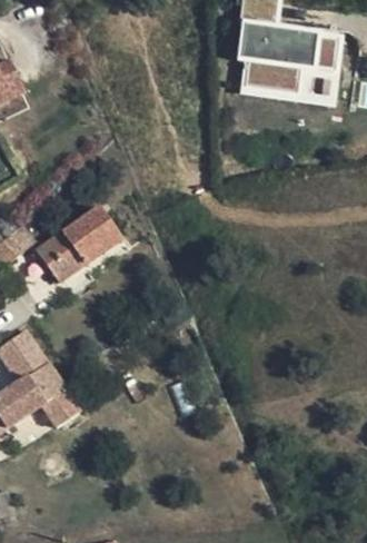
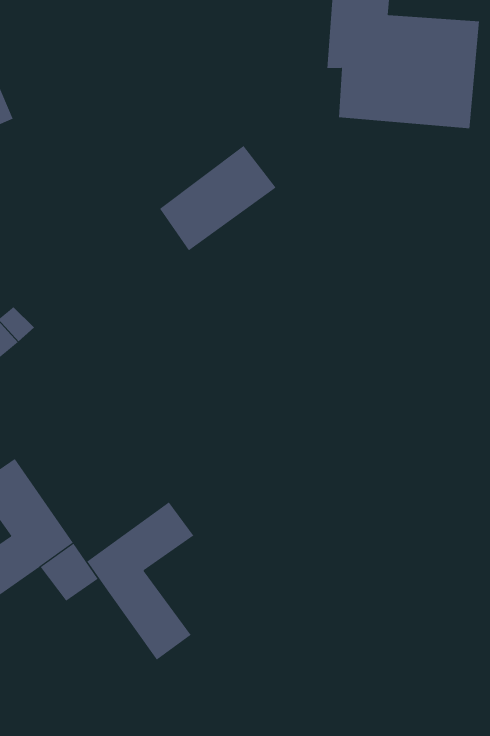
building: [39,209,119,282] -> [159,145,276,251]
building: none -> [86,502,194,661]

